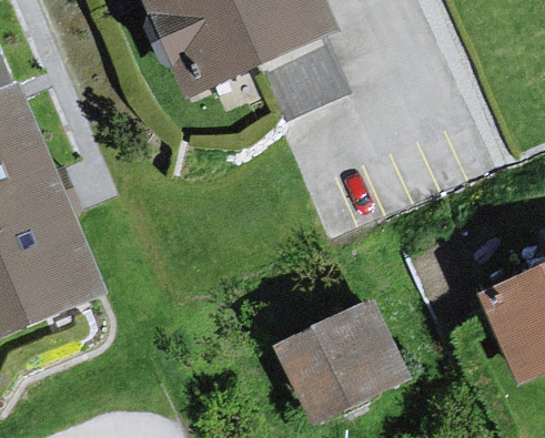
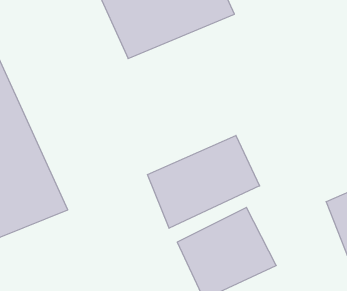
building: none -> [147,135,260,228]

